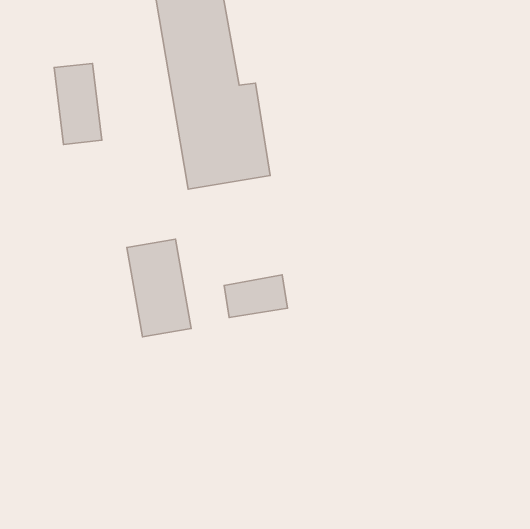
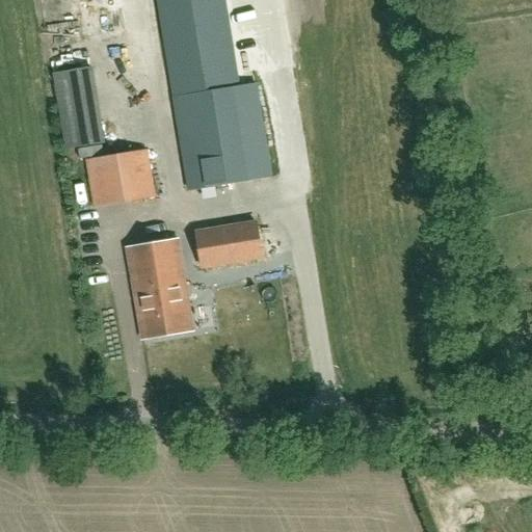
building: none -> [86,149,153,206]
building: [224,275,287,318] -> [195,222,259,265]

